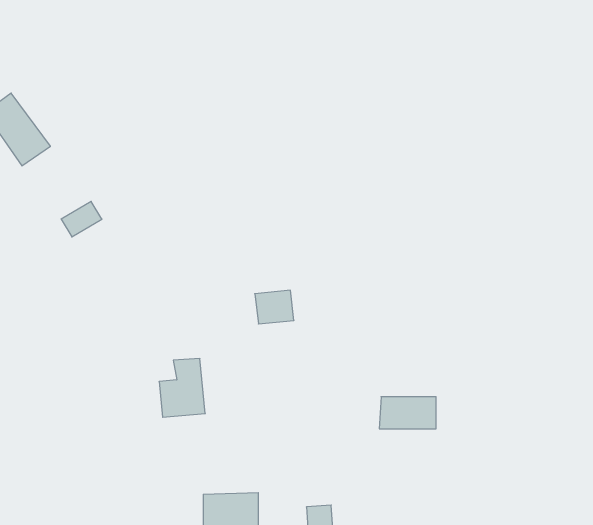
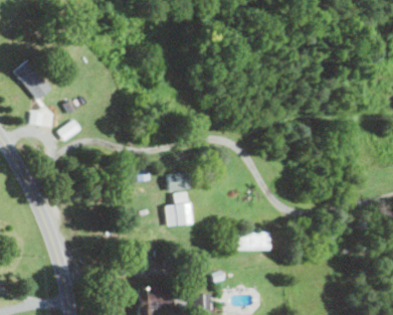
building: [159,359,205,417] -> [165,192,191,225]

